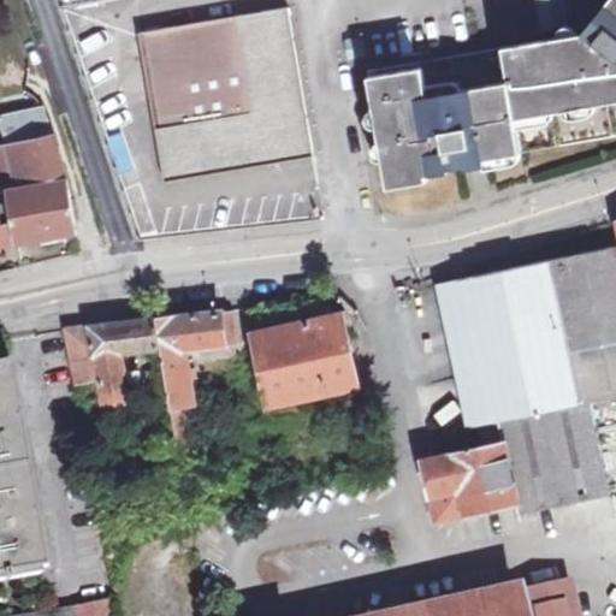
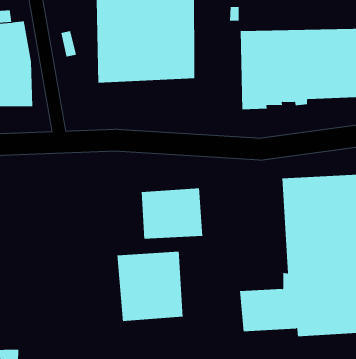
building: [432,282,488,425] -> none
building: [63,309,232,455] -> none
building: none -> [117,251,183,322]

